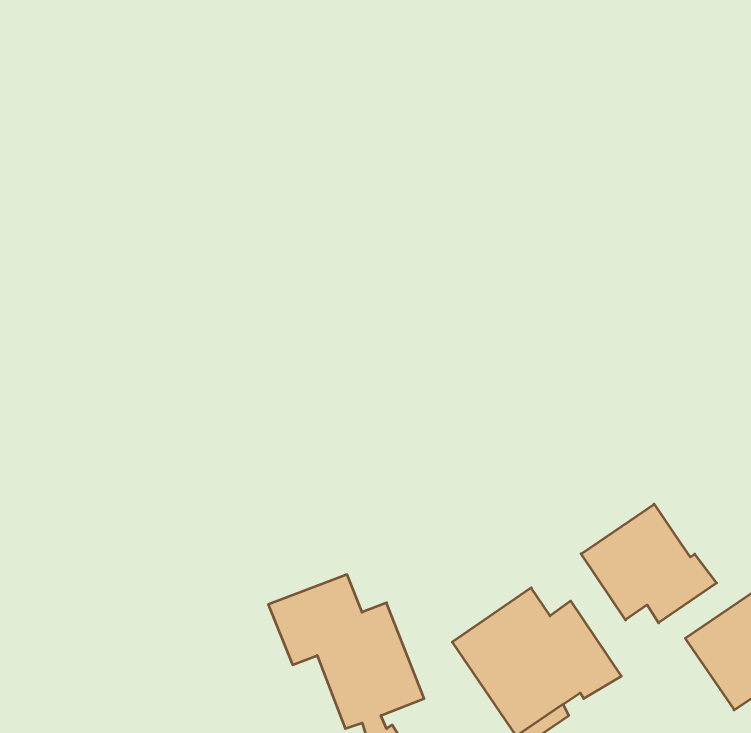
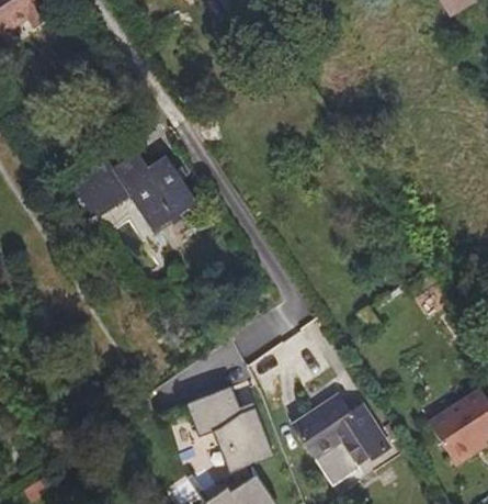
building: none -> [57,152,193,225]
building: [581,504,717,623] -> none

